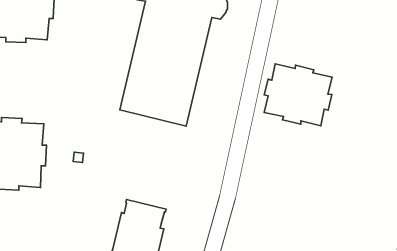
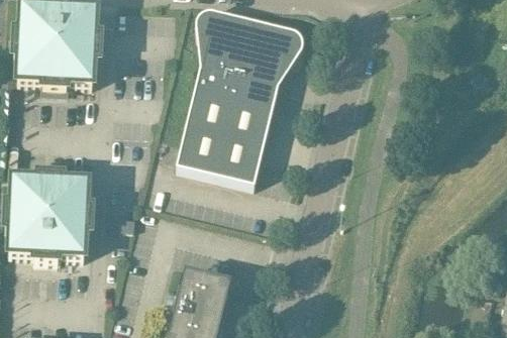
building: [264,64,332,126] -> none

